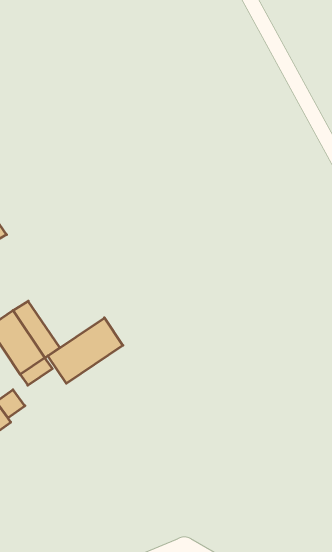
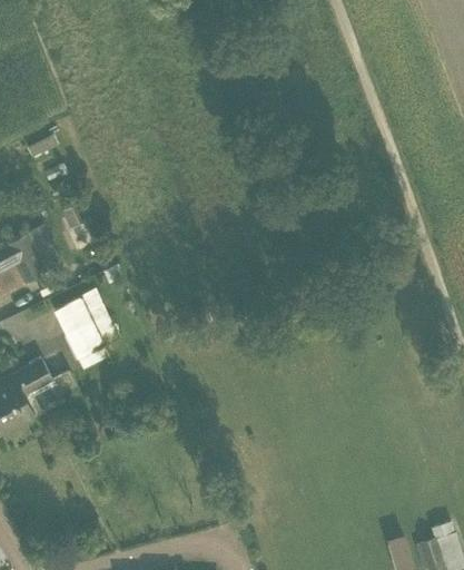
building: [48,318,123,383] -> none

